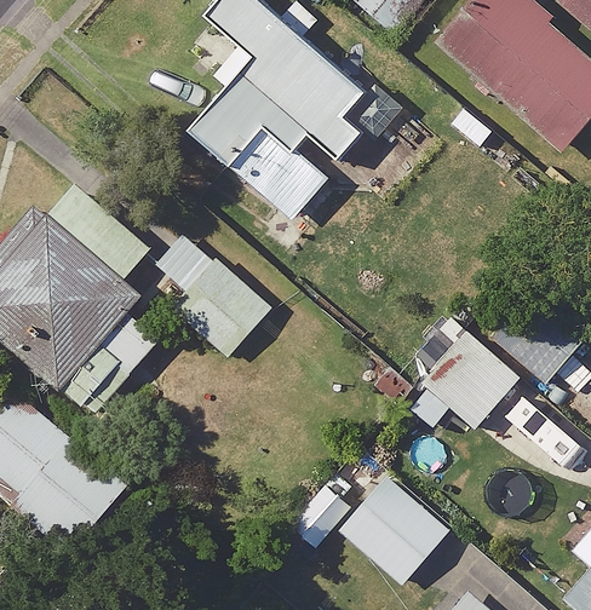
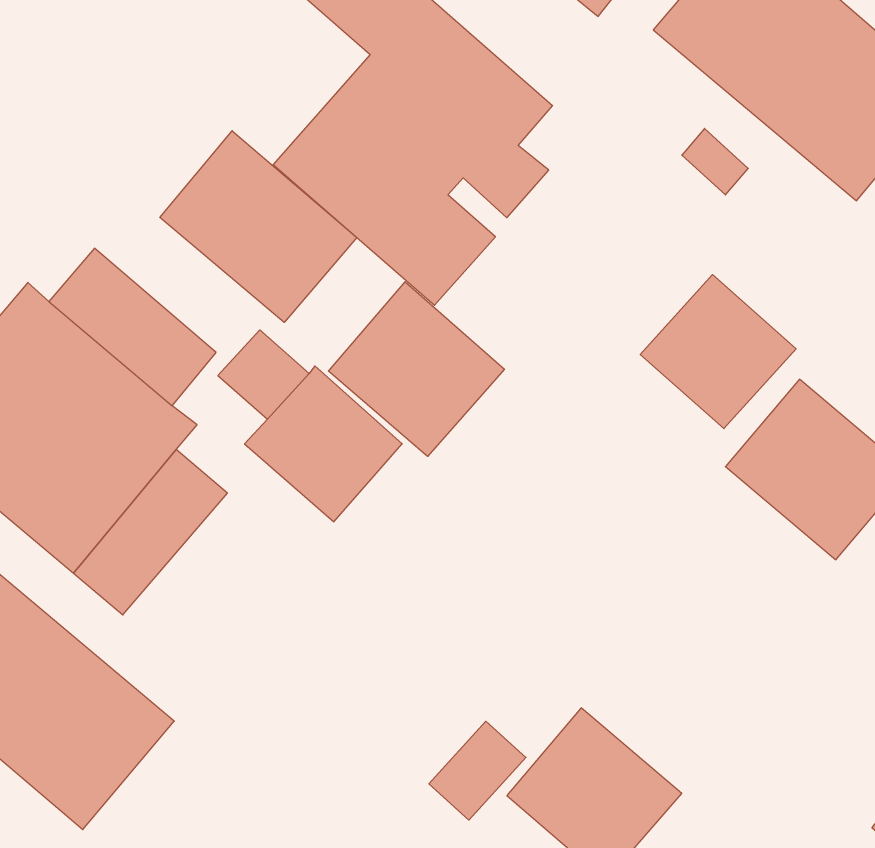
building: none -> [160,131,357,322]
building: none -> [328,282,504,456]
building: [420,332,520,430] -> [640,275,796,429]

